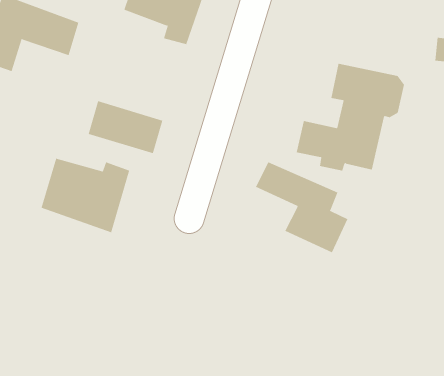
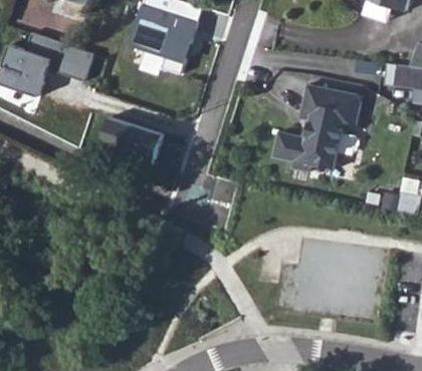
building: [41,158,130,233] -> none
building: [255,162,348,253] -> none

